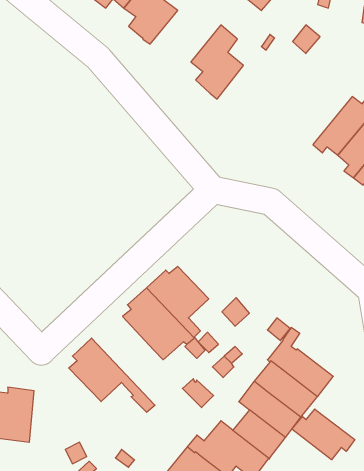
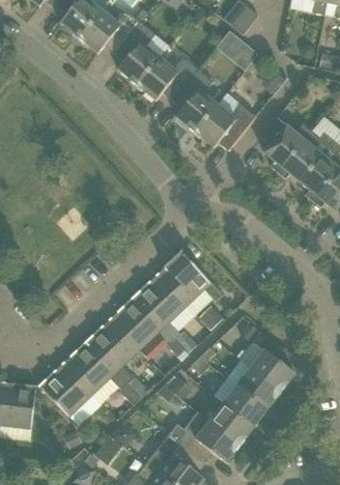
building: none -> [137,56,198,101]
building: none -> [195,92,256,150]
building: none -> [260,117,312,172]
building: none -> [161,250,221,306]
building: none -> [86,321,148,398]
building: none -> [38,366,94,418]
building: [292,409,355,460] -> none

